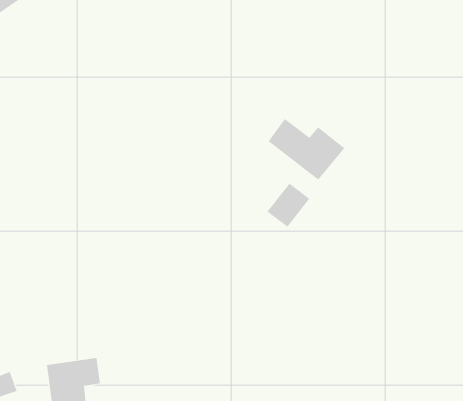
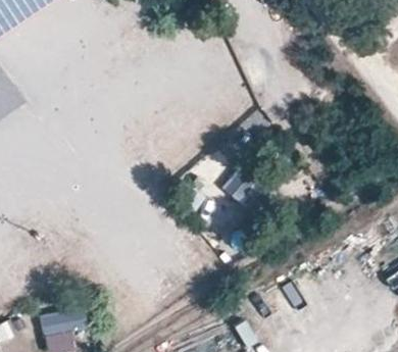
building: [268,118,345,181] -> none

